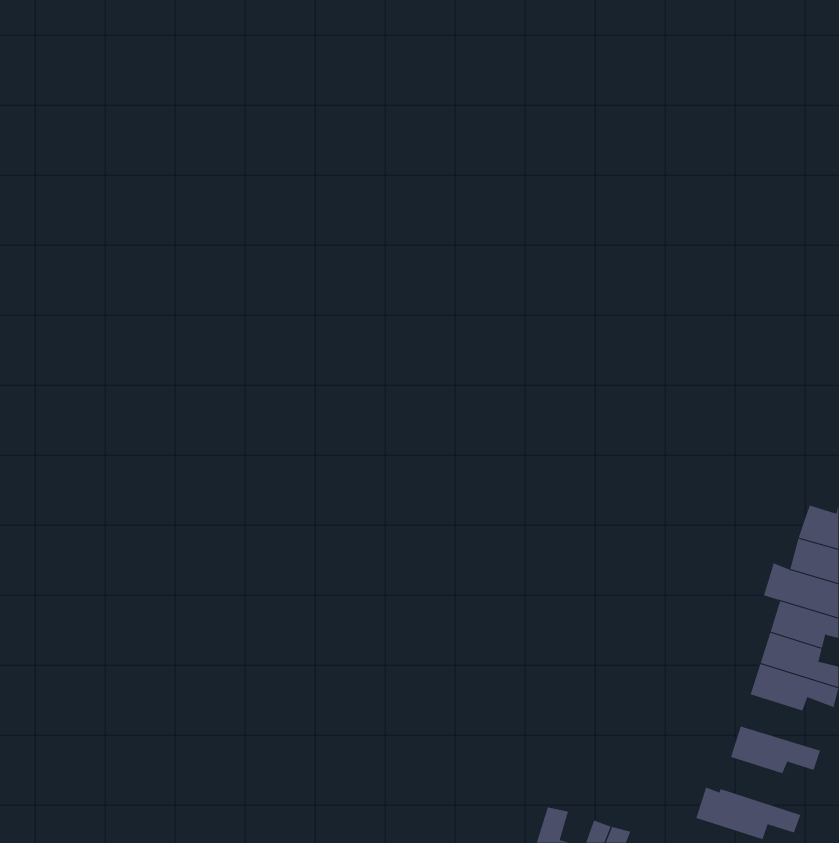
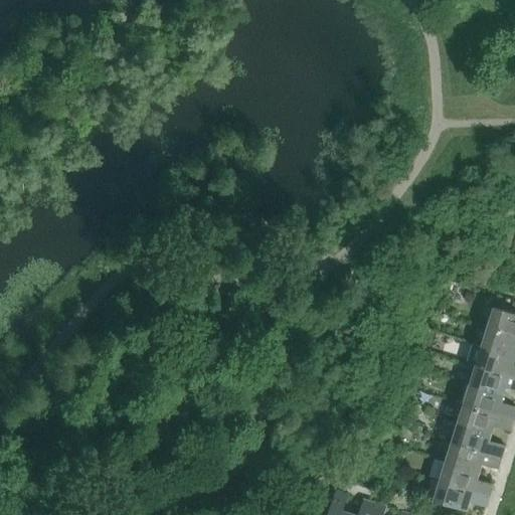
building: none -> [452,423,504,458]
building: none -> [440,462,492,497]

